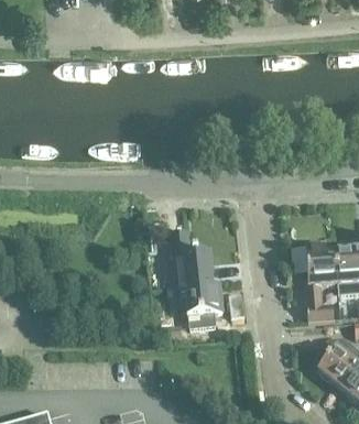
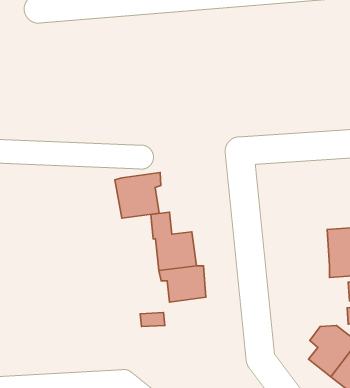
building: none -> [115,172,161,218]
building: [305,246,337,323] -> none

